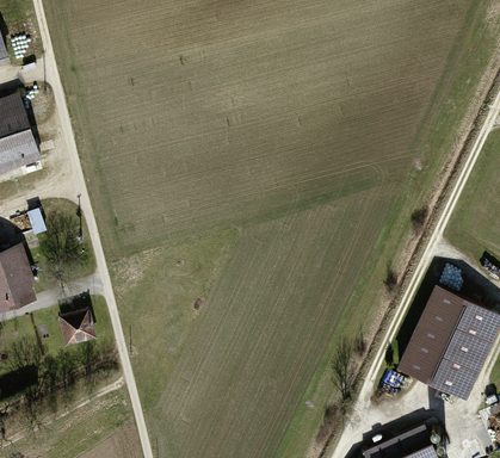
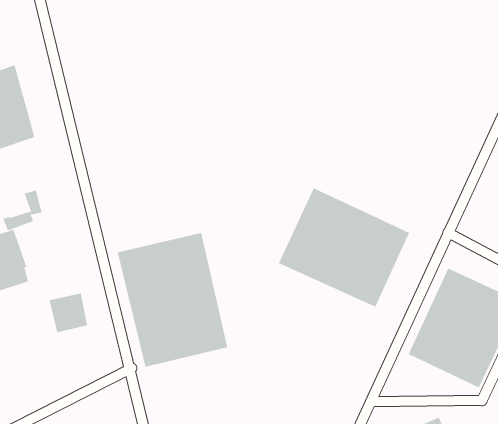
building: none -> [278,187,410,307]
building: none -> [117,232,228,367]

